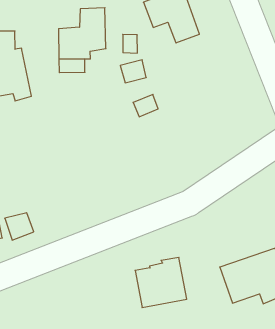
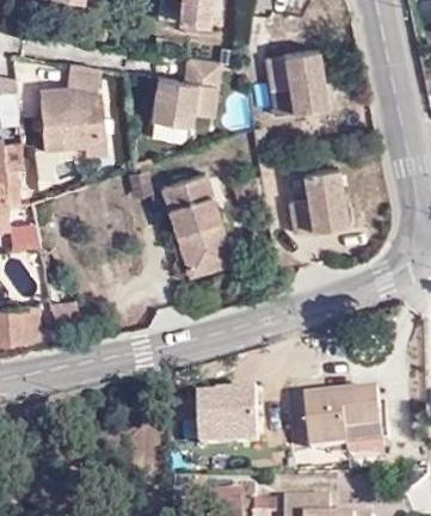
building: none -> [291,171,347,238]
building: none -> [165,174,232,271]

